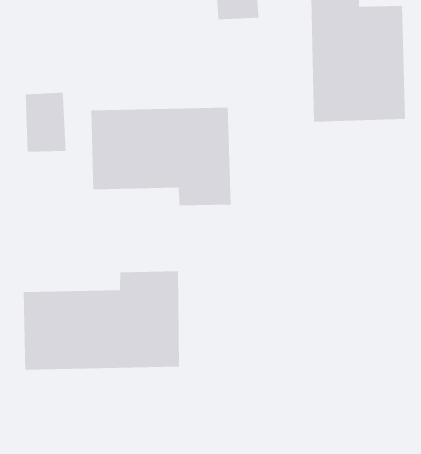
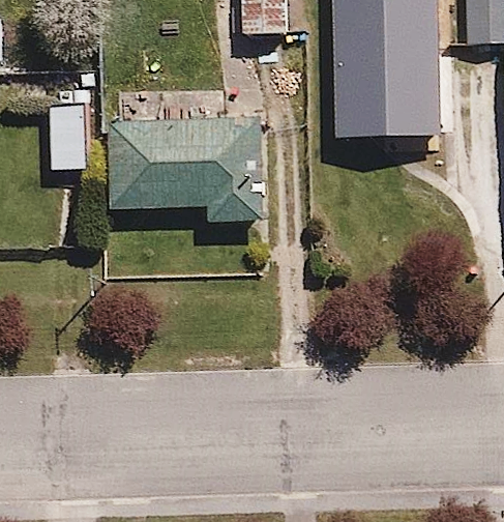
building: [23,270,180,371] -> none

